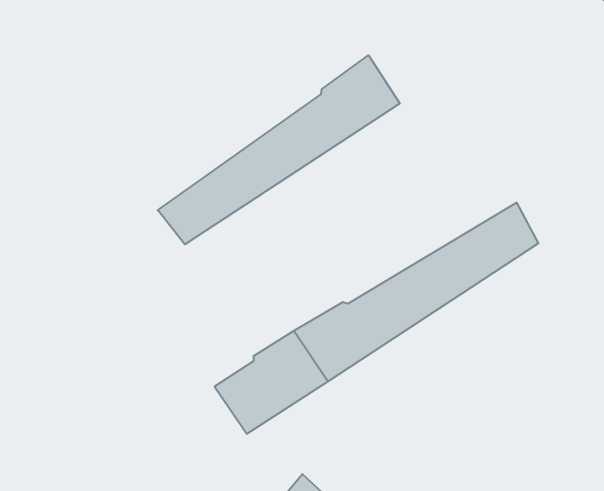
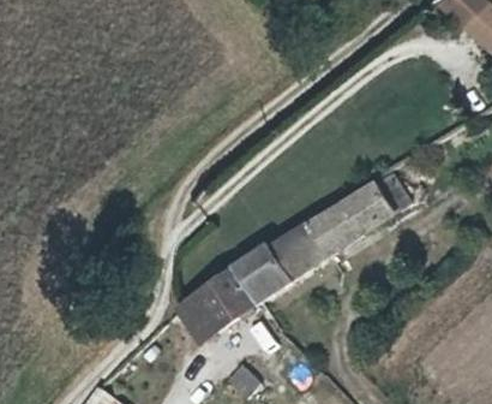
building: [158,55,400,244] -> none

